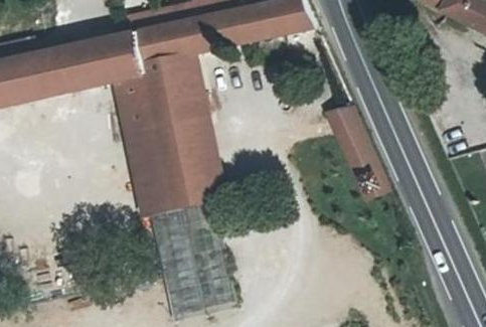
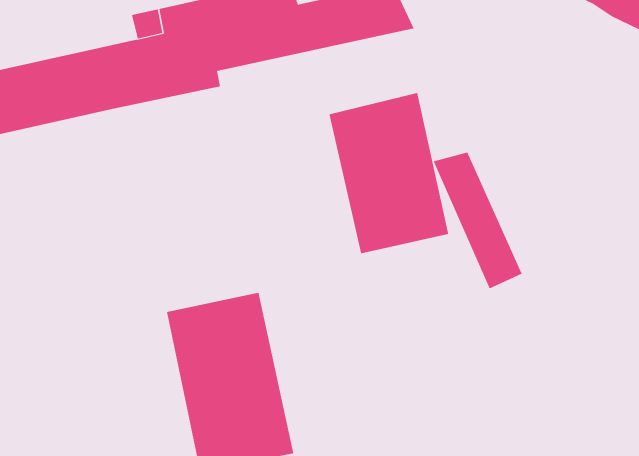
building: [116,64,217,214] -> none
building: none -> [329,92,449,254]

